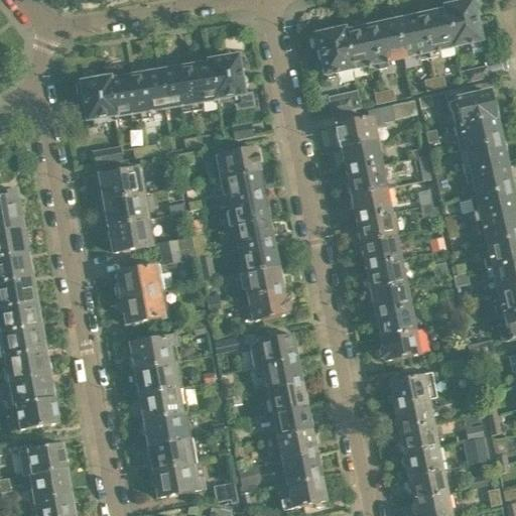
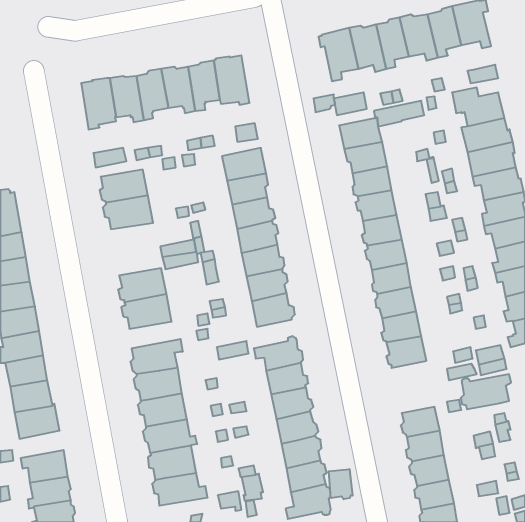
building: [106,219,154,251] -> none
building: [388,371,437,405] -> [461,374,511,409]
building: none -> [329,469,353,499]

